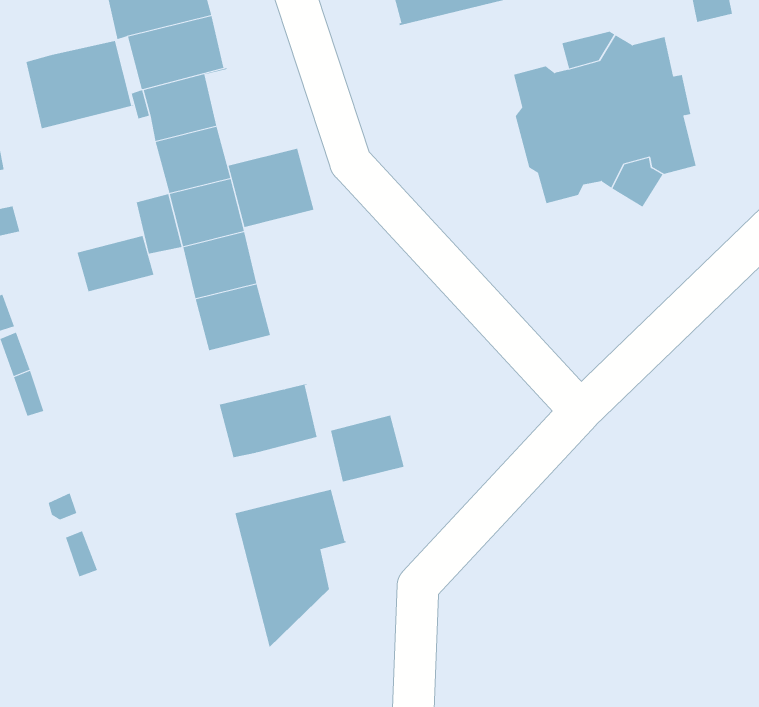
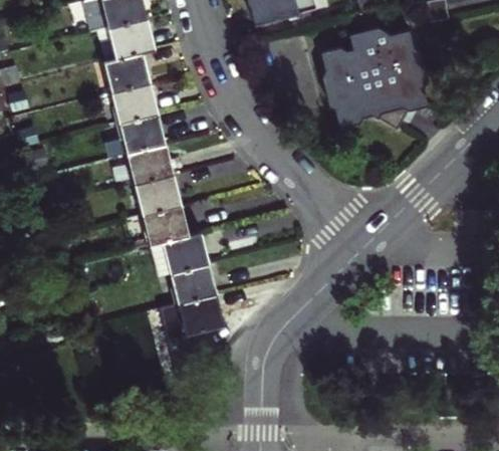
building: [26,40,134,129] -> none
building: [228,148,314,228] -> none
building: [77,235,154,292] -> none
building: none -> [145,203,189,243]
building: [330,415,405,482] -> [173,262,216,301]

